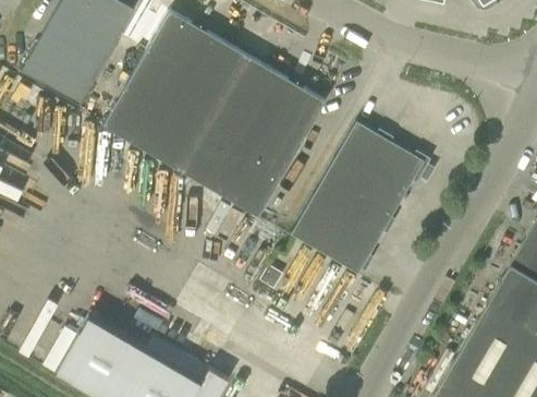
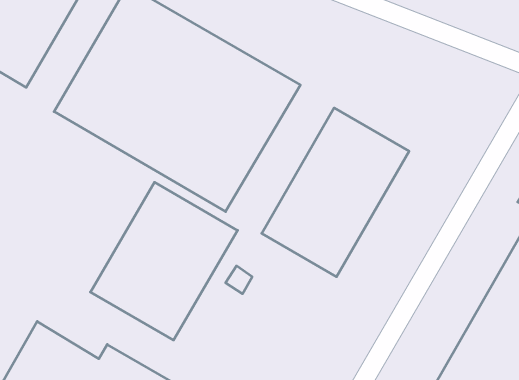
building: none -> [90,182,238,340]

